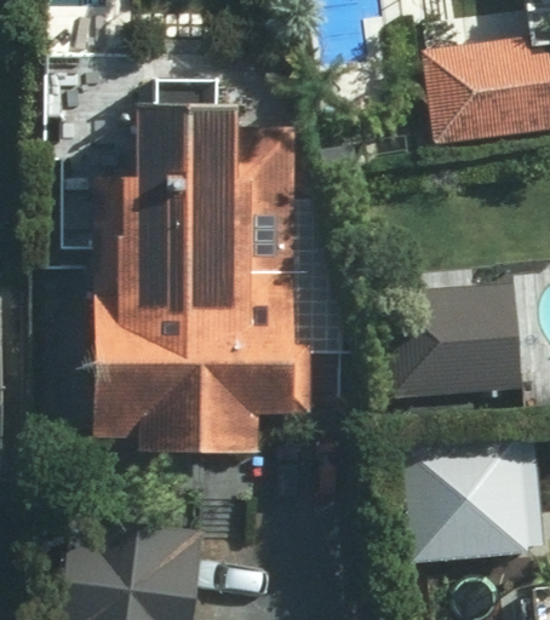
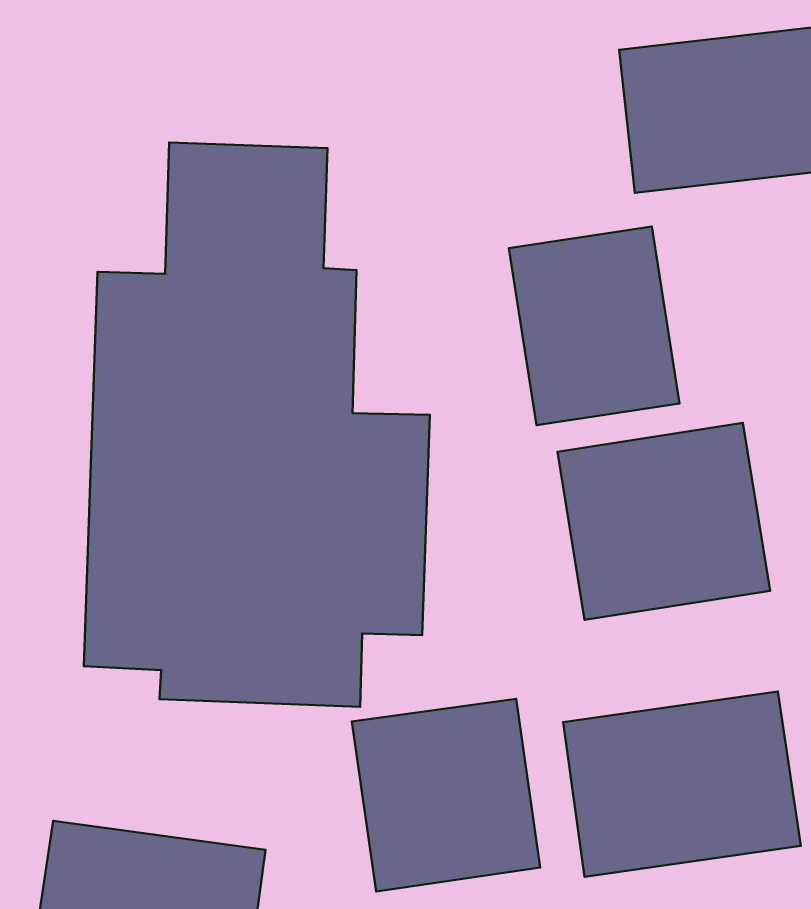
building: none -> [509,227,680,425]
building: none -> [352,699,540,891]

